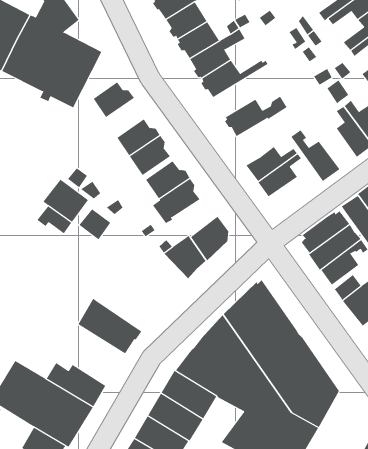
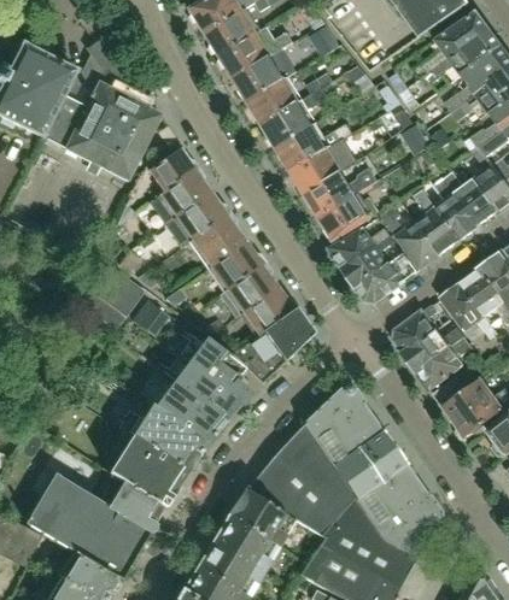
building: none -> [291,129,357,192]
building: none -> [162,169,210,216]
building: none -> [414,188,460,252]
building: none -> [318,193,379,239]
building: none -> [356,252,417,300]
building: none -> [242,288,297,333]
building: none -> [154,339,251,443]
building: none -> [109,435,188,507]

